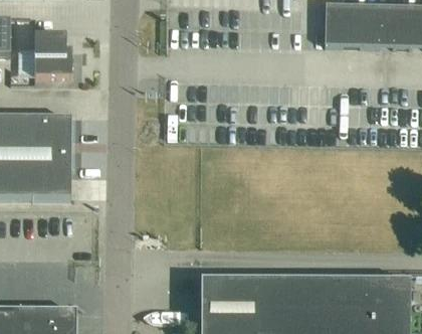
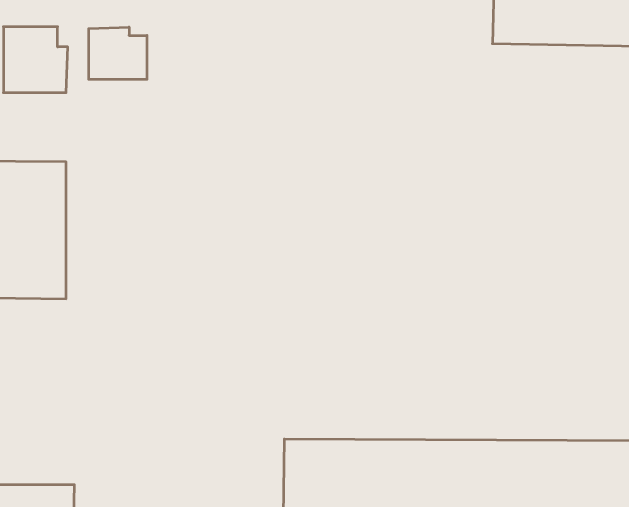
building: none -> [89,27,147,79]

